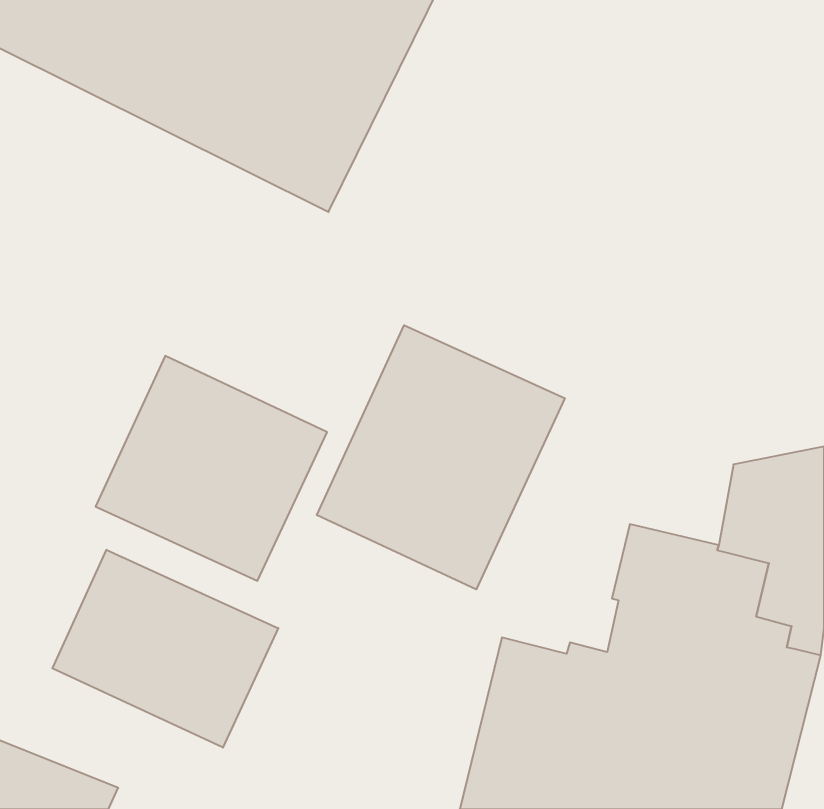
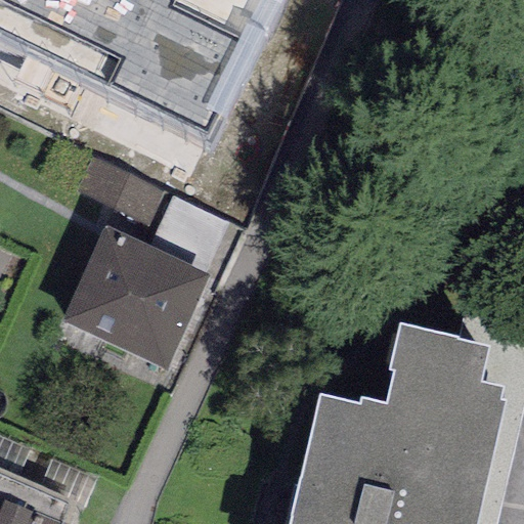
building: [317,325,565,589] -> none
building: [52,550,278,748] -> none

